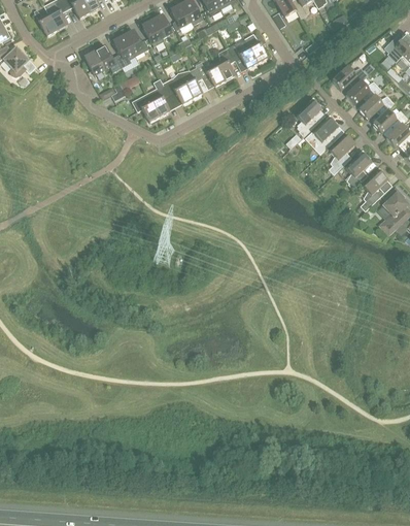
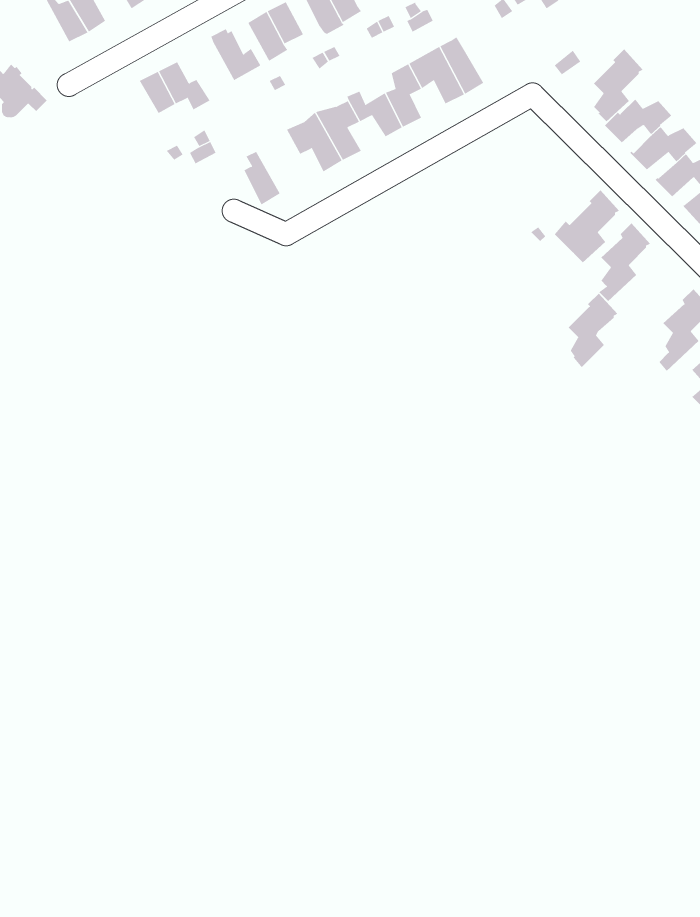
building: [113,32,135,66] -> none
building: [146,77,170,116] -> none
building: [297,96,323,135] -> [593,49,644,122]
building: [346,149,373,189] -> [568,293,618,368]

